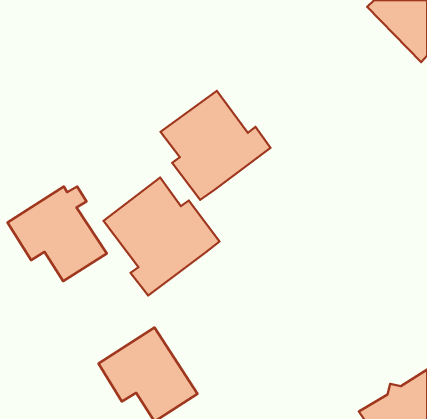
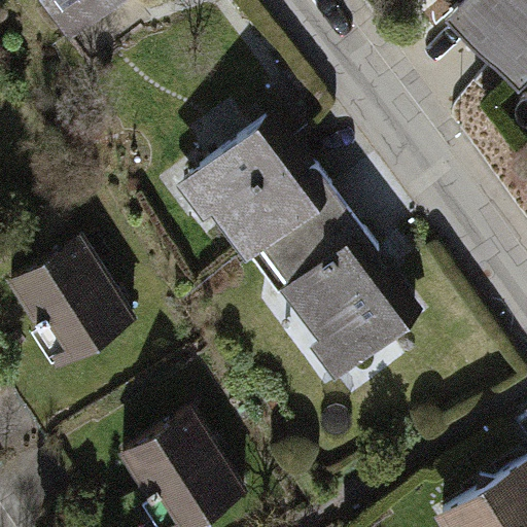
building: none -> [262,194,413,364]
building: [104,178,220,295] -> none

